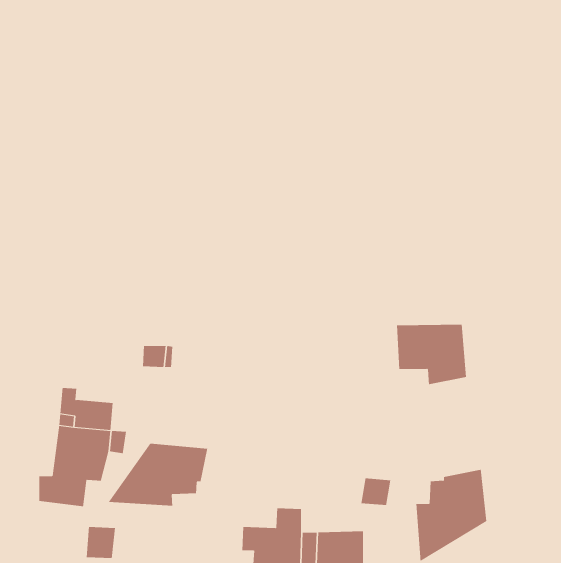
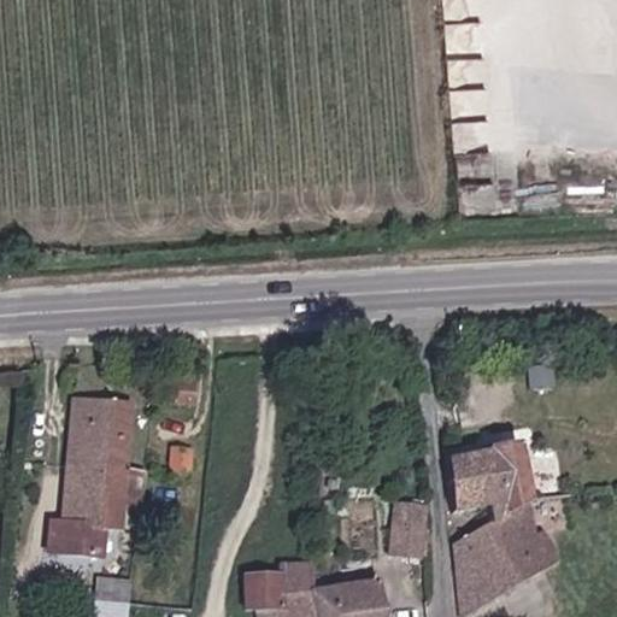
building: [396,324,467,385] -> [452,456,529,522]
building: none -> [70,405,130,441]
building: [108,443,208,507] -> none

